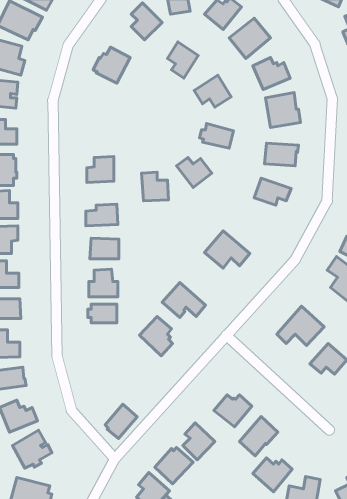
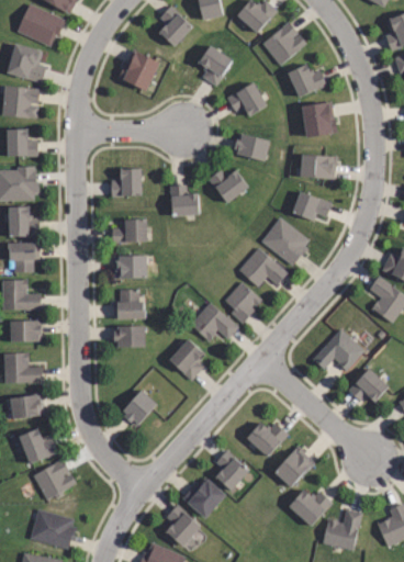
building: none -> [260,218,307,266]
building: none -> [224,283,259,324]
building: [105,404,137,438] -> [121,391,155,427]

